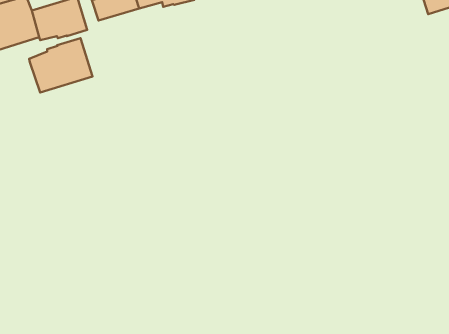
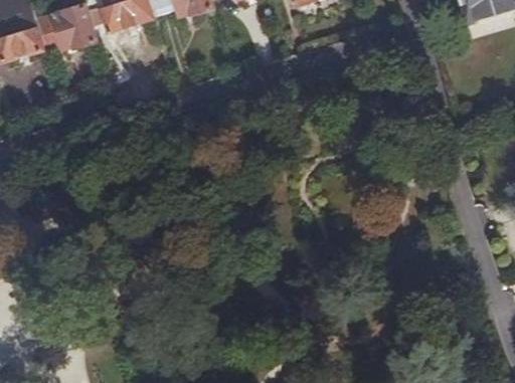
building: [29,38,92,92] -> none

